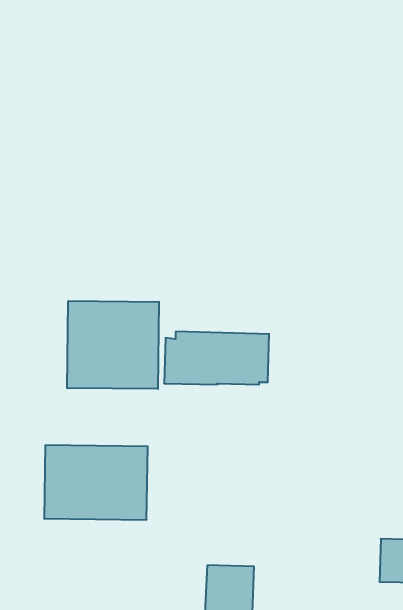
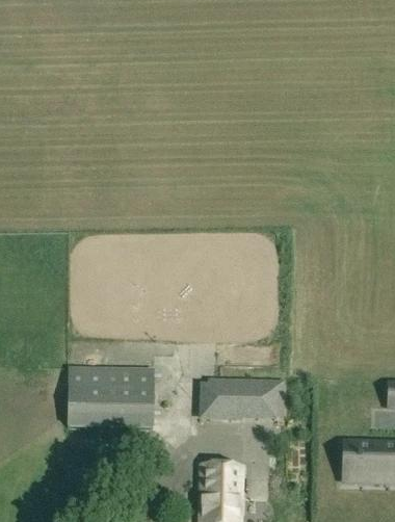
building: [67,301,159,389] -> none
building: [164,332,269,385] -> [199,377,285,421]

